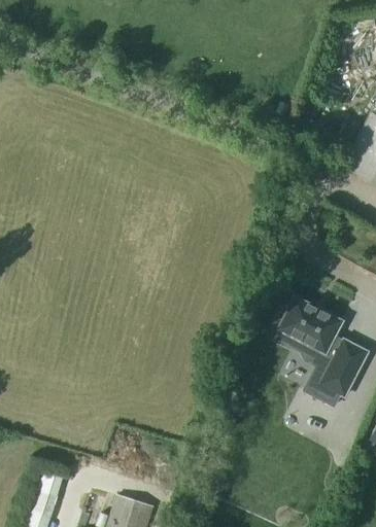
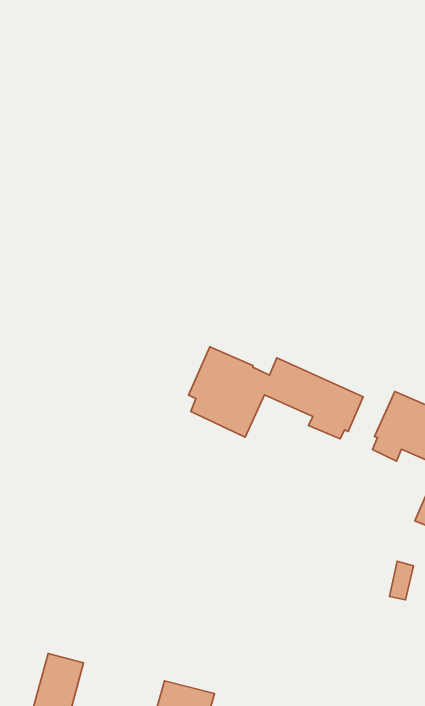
building: none -> [188,347,363,439]

